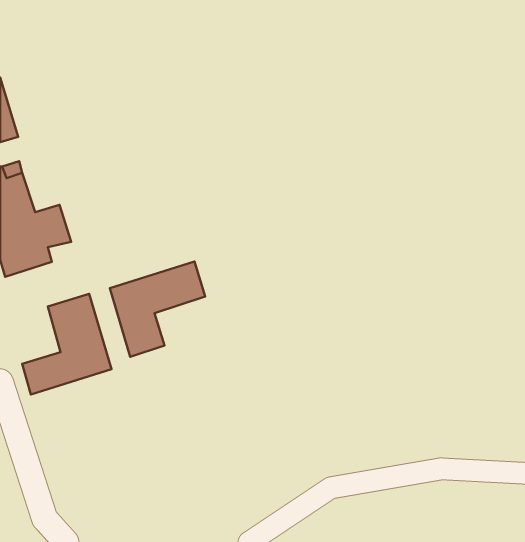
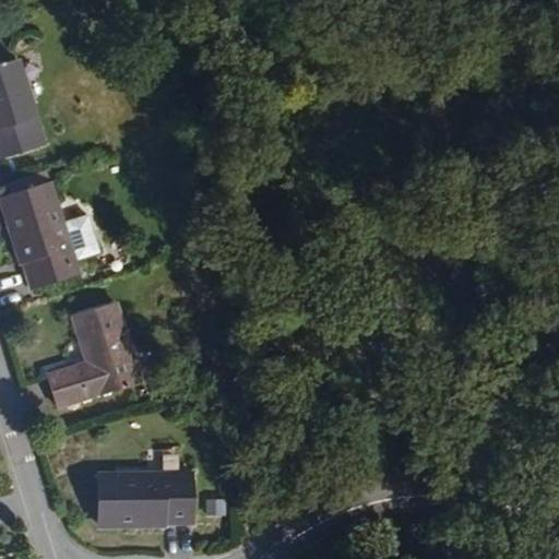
building: [110,261,205,357] -> none
building: none -> [92,475,188,528]

